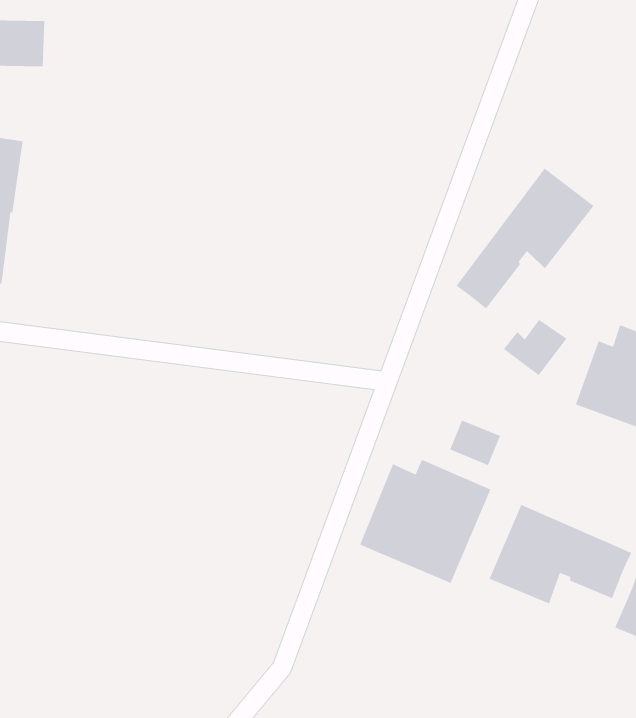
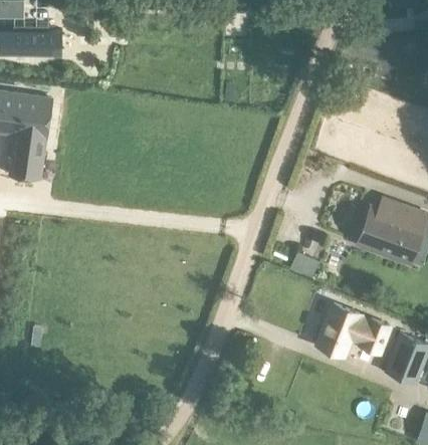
building: [455,168,595,310] -> none
building: [359,459,492,585] -> none

